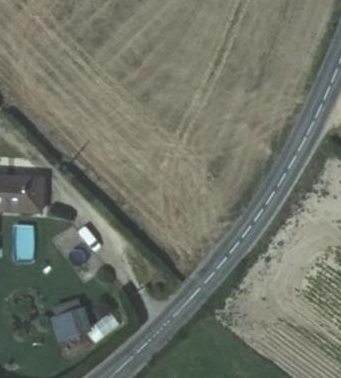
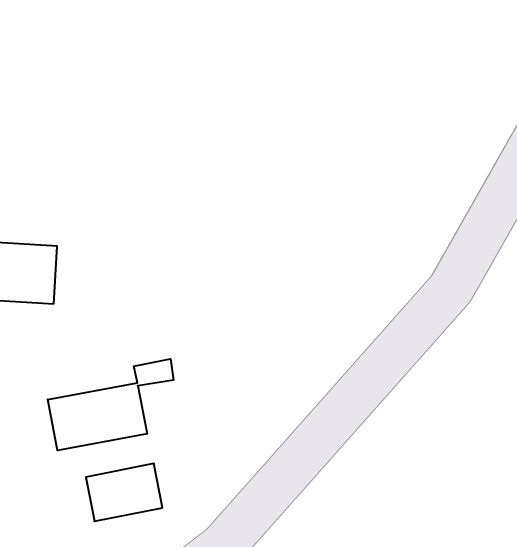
building: none -> [48,359,174,450]

